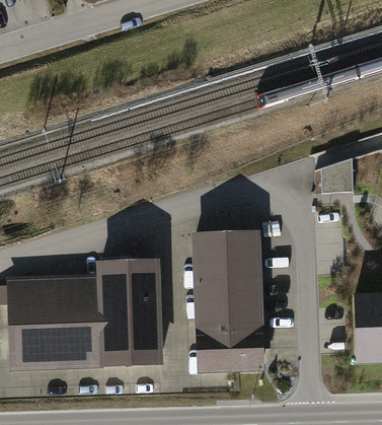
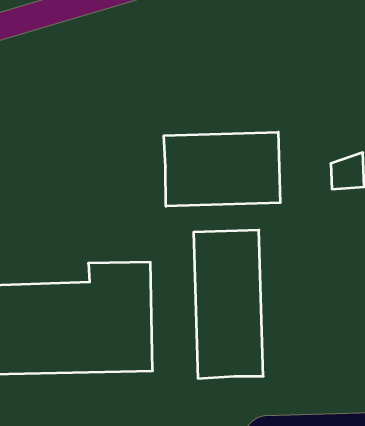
building: none -> [164,132,280,206]

